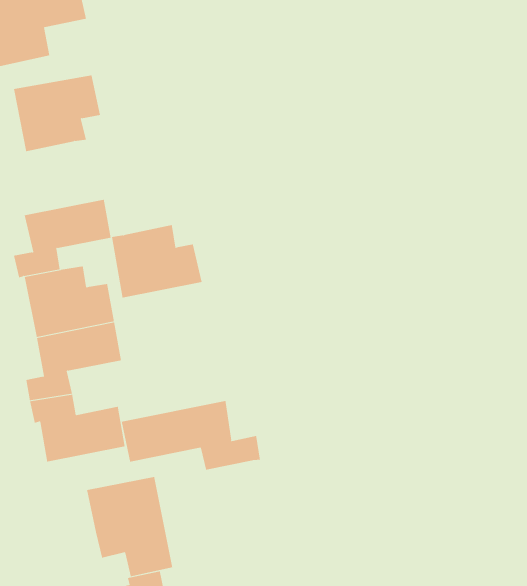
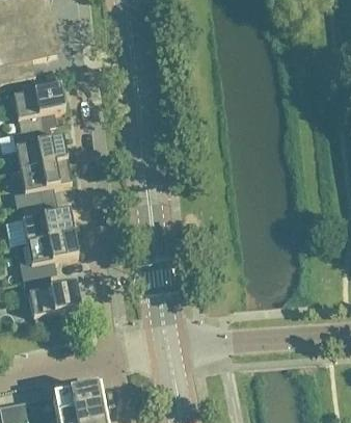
building: [111,224,202,298] -> [12,123,66,166]
building: [121,400,261,470] -> none
building: [86,476,173,577] -> none

